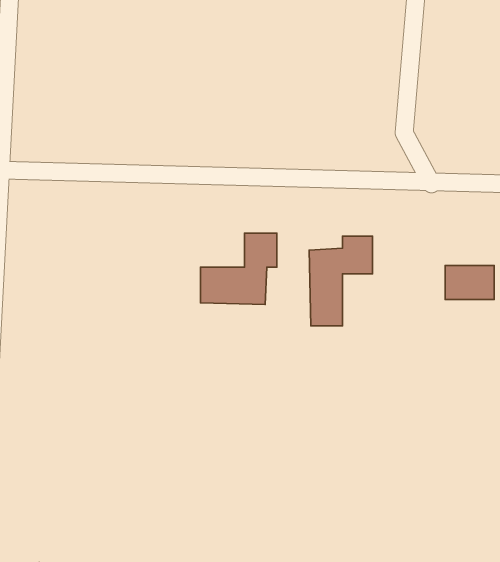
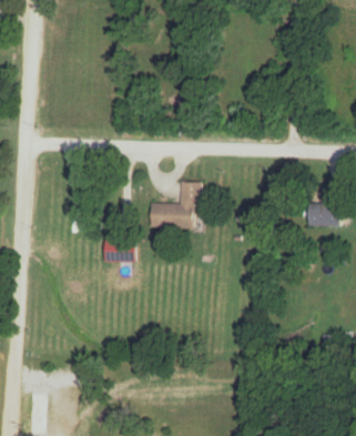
building: [309,236,373,326] -> none

